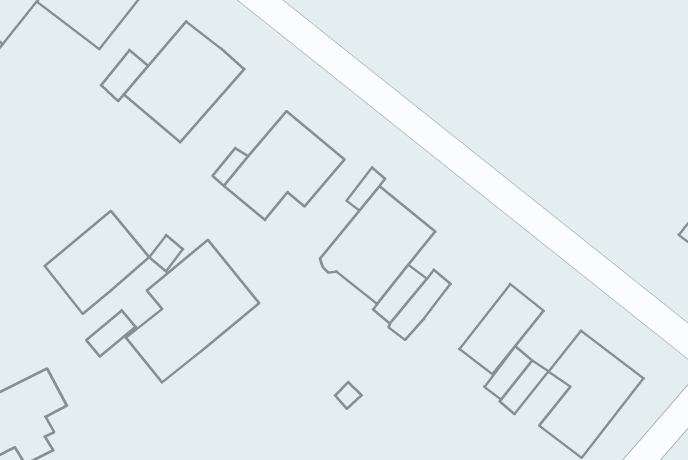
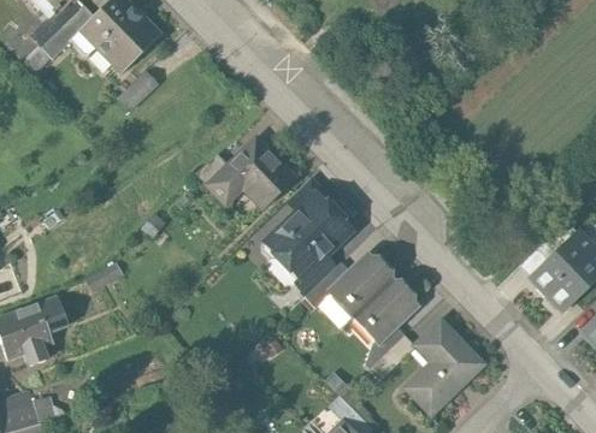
building: [124,21,244,142] -> none
building: [45,211,149,314] -> none
building: [126,240,259,382] -> none
building: none -> [335,260,399,324]

